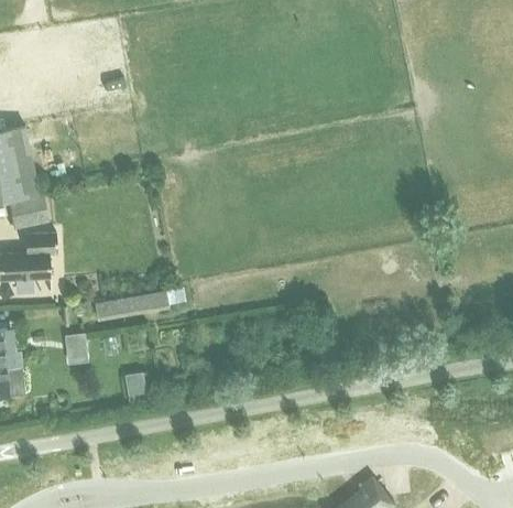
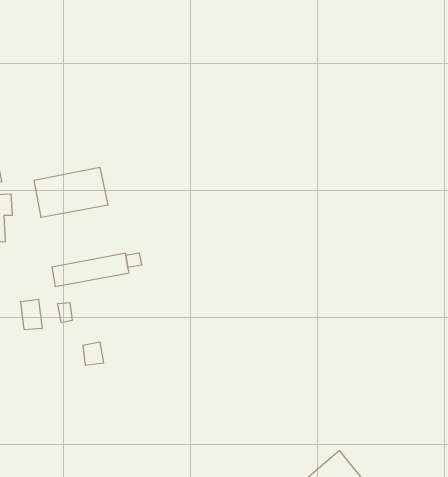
building: none -> [34,167,108,218]

